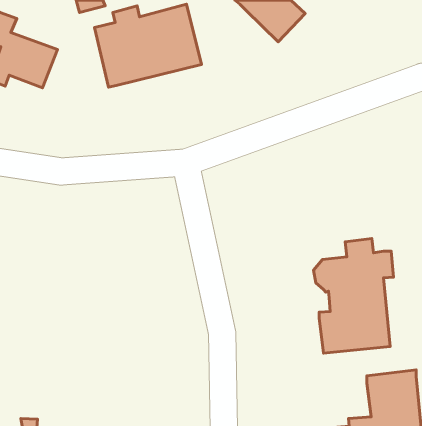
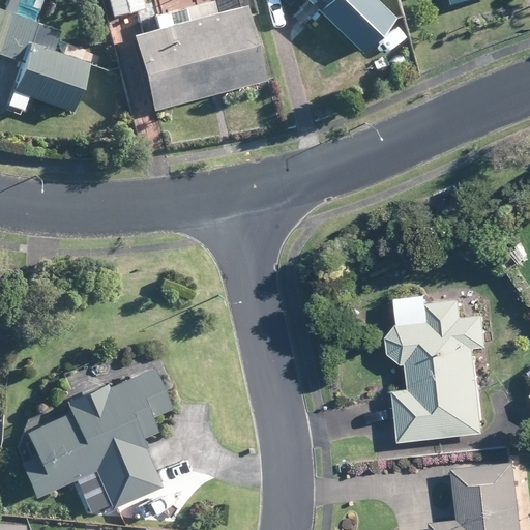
building: none -> [20,370,172,508]

